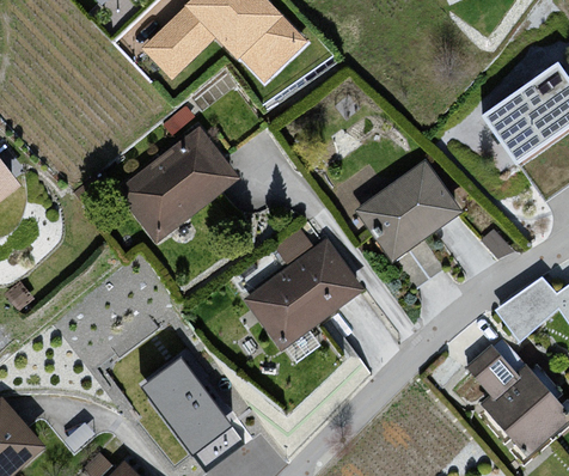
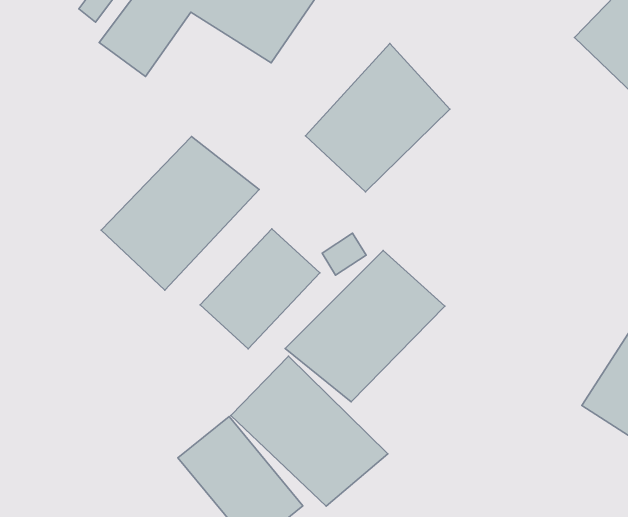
building: [354,157,464,263] -> [305,44,450,192]
building: none -> [200,229,320,349]
building: none -> [231,356,388,506]

